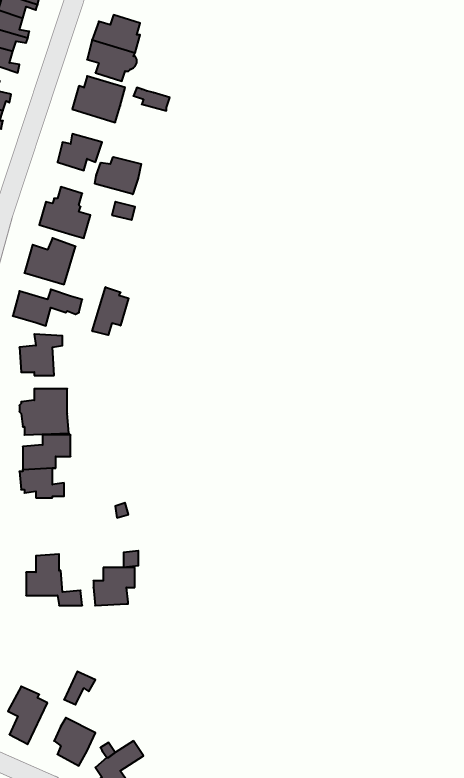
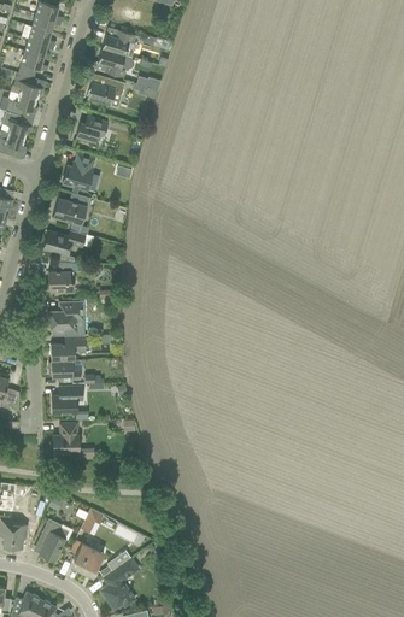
building: [95,157,141,194] -> none
building: [92,287,129,335] -> none
building: [93,568,135,606] -> [52,386,82,413]

